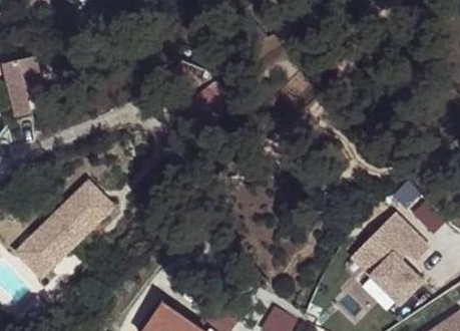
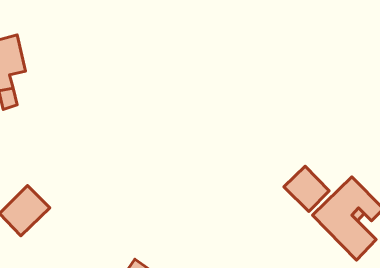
building: [46,181,111,245] -> none
building: none -> [284,166,329,211]

